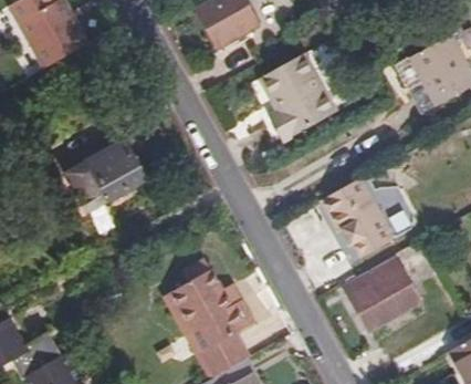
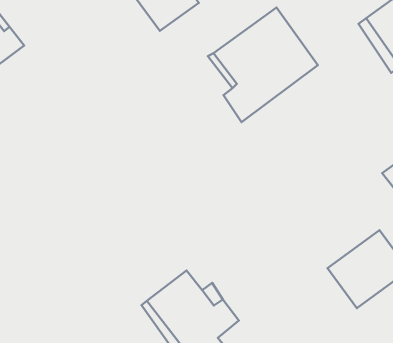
building: [72,131,143,211] -> none
building: [320,178,390,256] -> none

